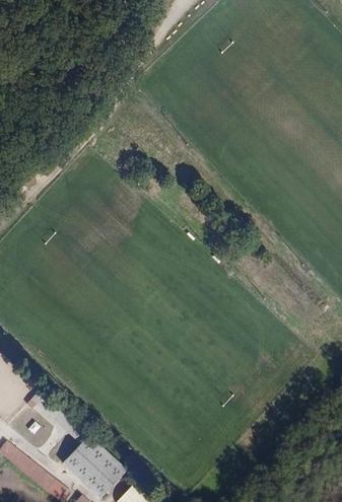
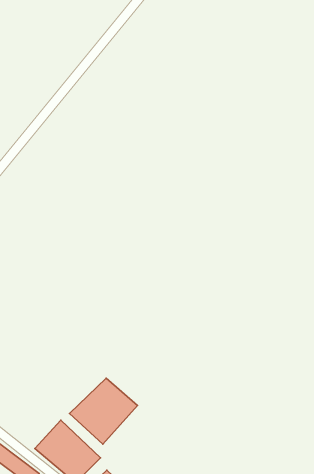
building: none -> [69,378,138,444]

